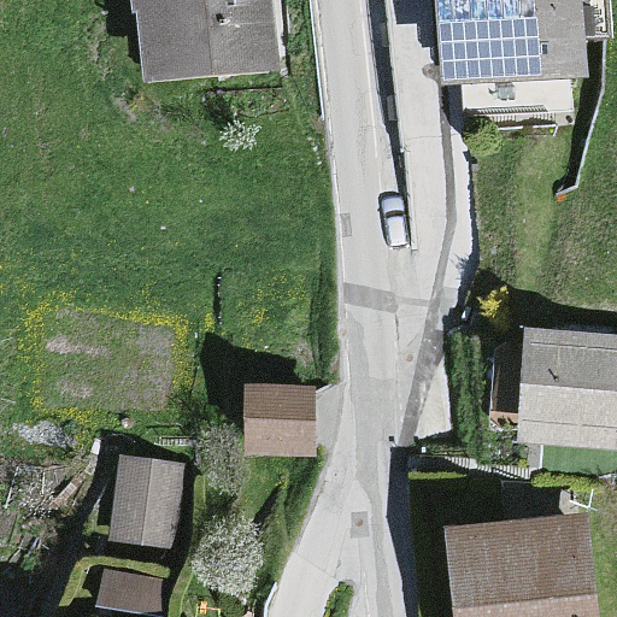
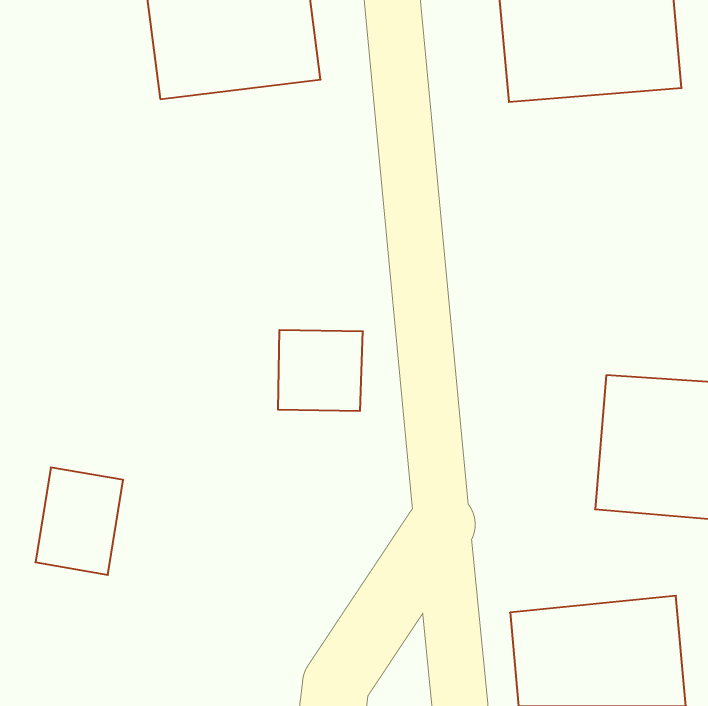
building: [242,382,316,452] -> [278,330,363,411]
building: [105,456,181,548] -> [35,467,123,575]

